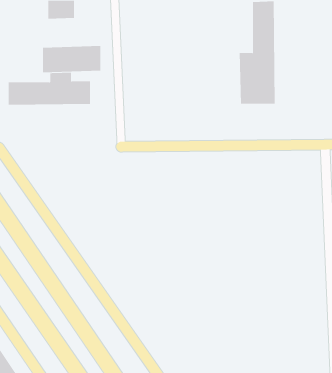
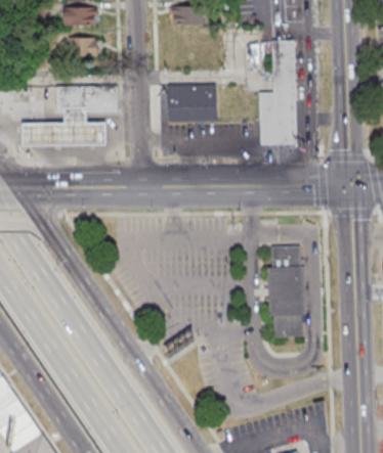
building: none -> [171,84,220,122]
building: none -> [268,245,303,336]

